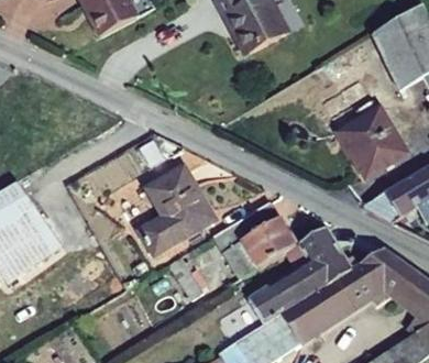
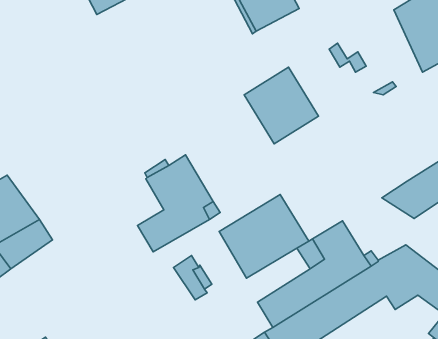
building: [339,107,407,177] -> [244,67,318,144]

